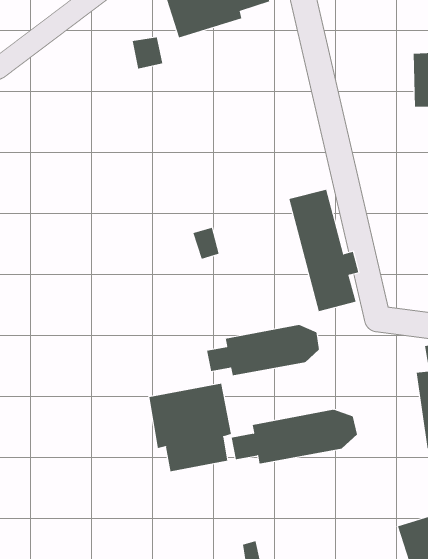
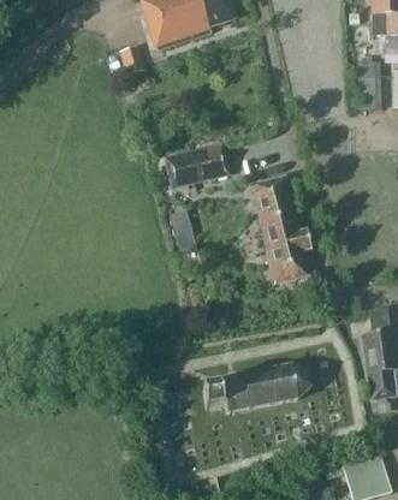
building: none -> [159,141,225,186]
building: [207,324,319,376] -> none
building: [149,383,232,472] -> none

